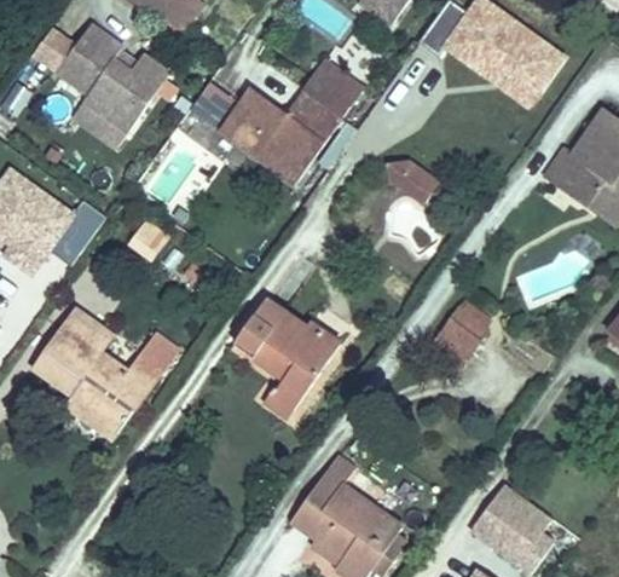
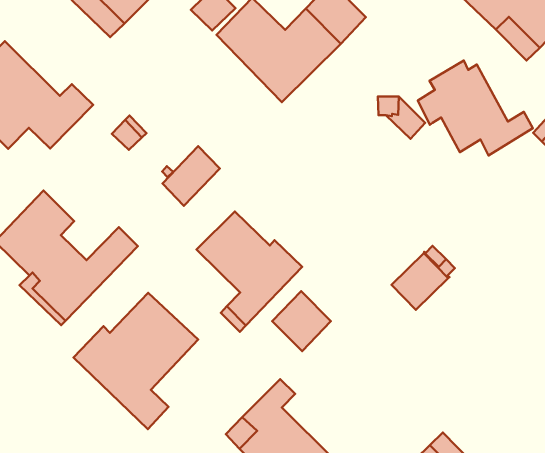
building: none -> [418,61,533,156]
building: none -> [162,146,220,206]
building: none -> [272,291,331,351]
building: none -> [73,293,198,429]

